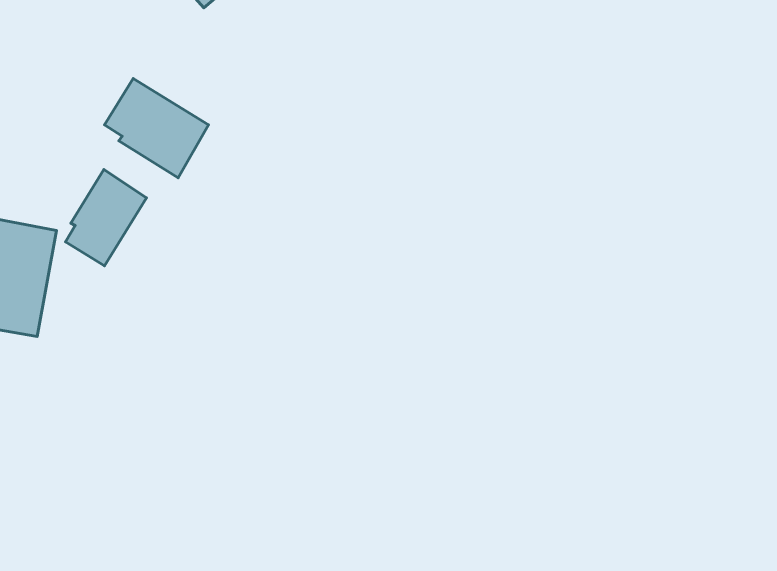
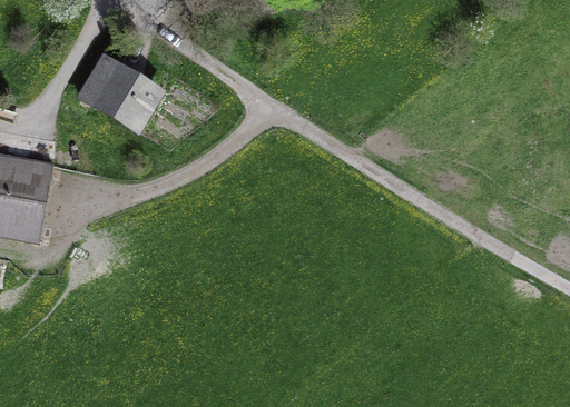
building: [65,169,146,266] -> none

